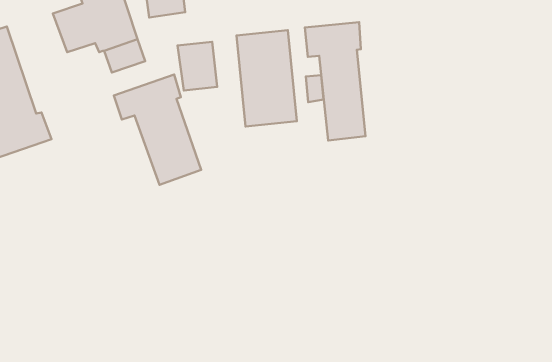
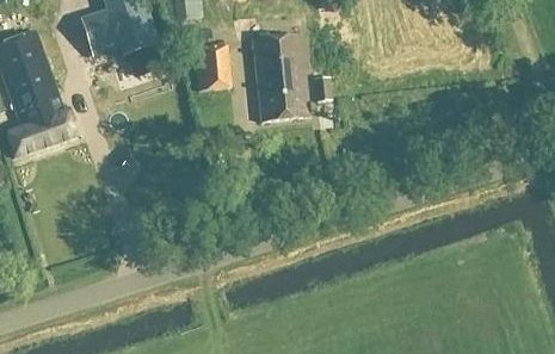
building: [305,22,366,140] -> none
building: [114,75,201,185] -> none

